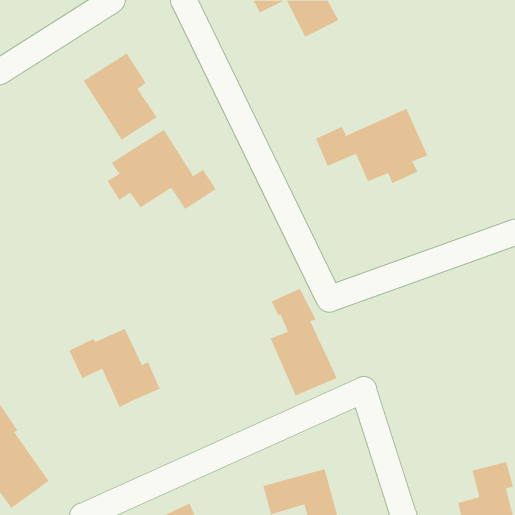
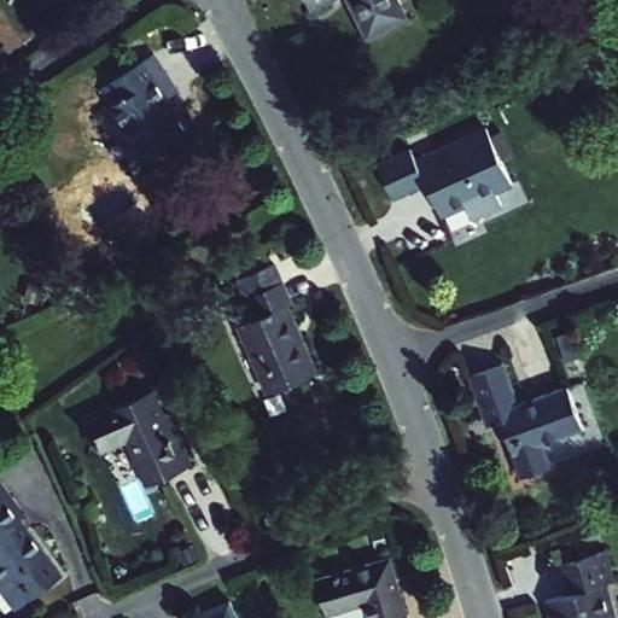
building: [107,129,216,210] -> none
building: [270,288,338,396] -> [235,267,316,396]
building: none -> [471,363,583,479]

